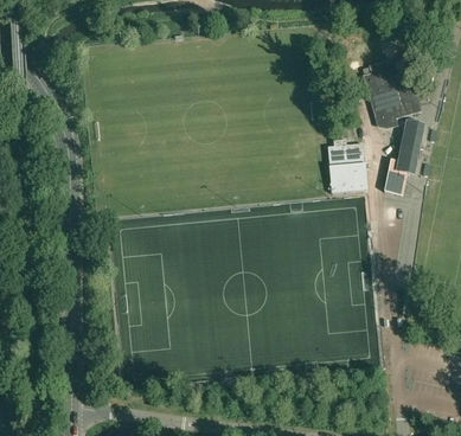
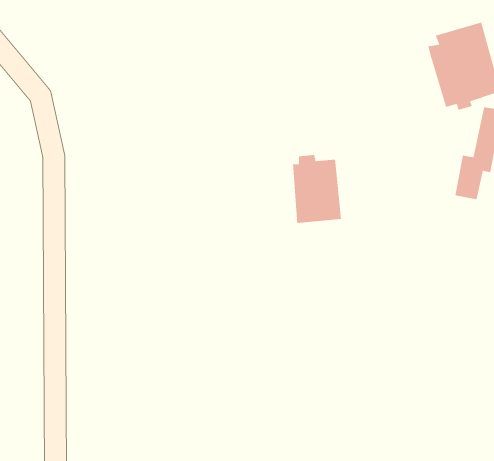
building: [328,141,367,195] -> [292,154,342,224]

